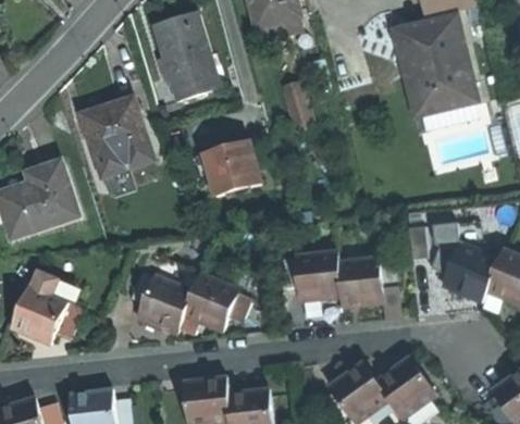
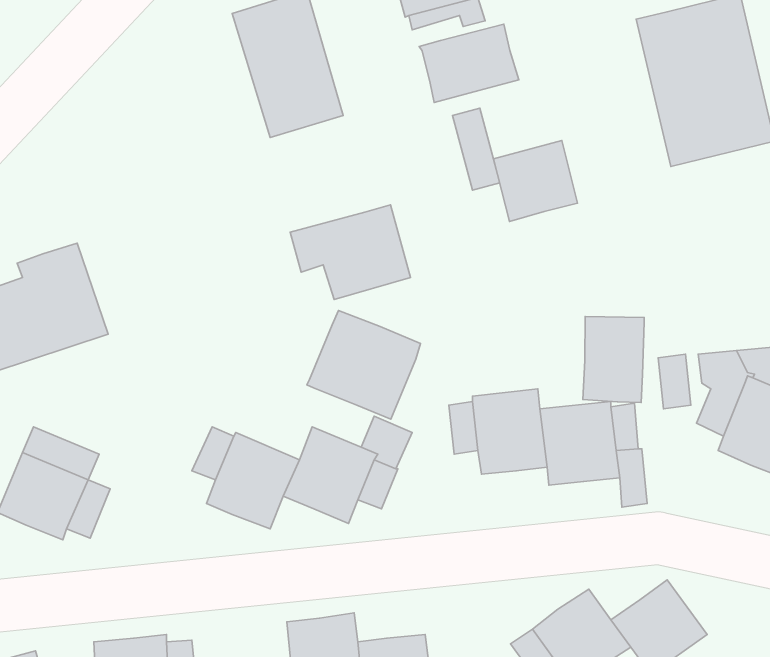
building: none -> [419,24,519,102]
building: [79,98,151,177] -> none
building: none -> [494,140,578,221]
building: none -> [307,311,421,419]
building: none -> [583,316,644,402]

